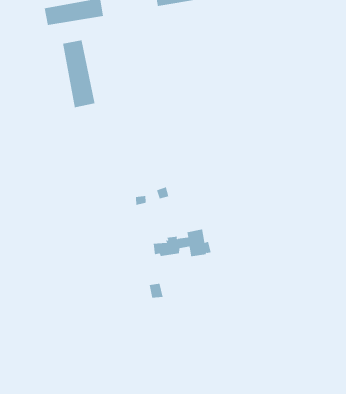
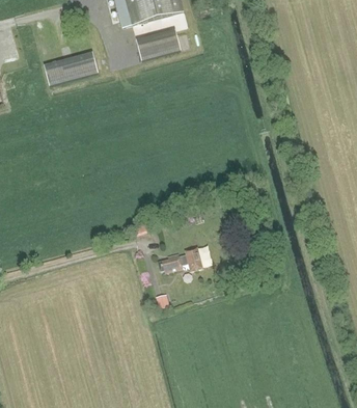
building: [62,39,95,108] -> none

